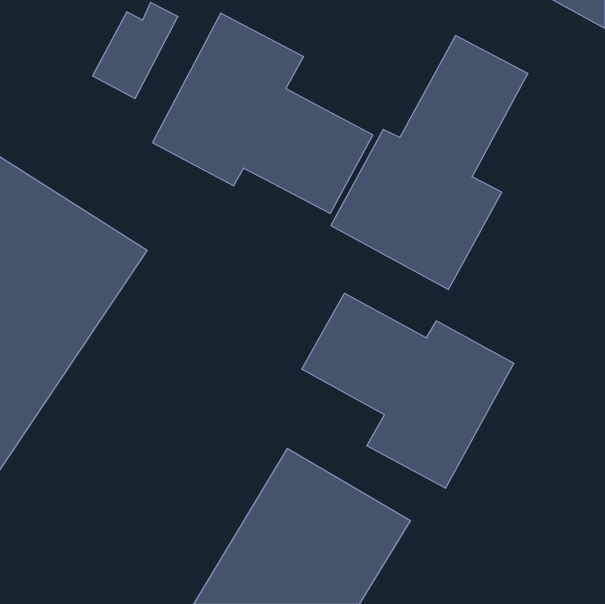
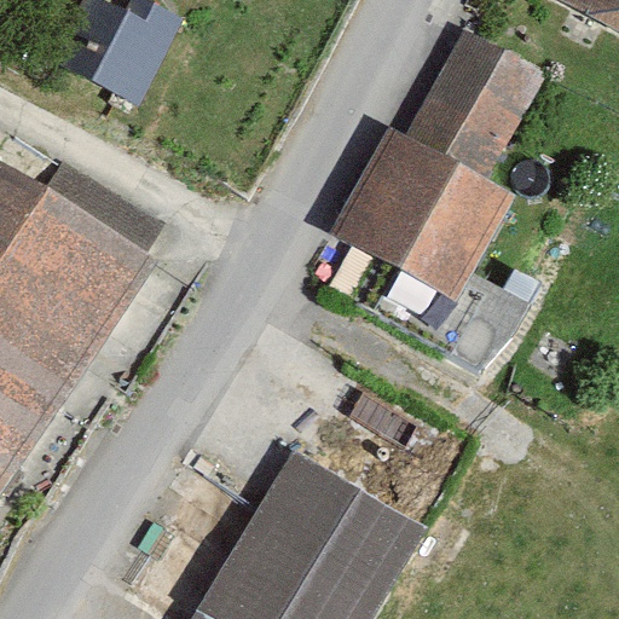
building: [152,13,373,214] -> none
building: [302,293,514,488] -> none

